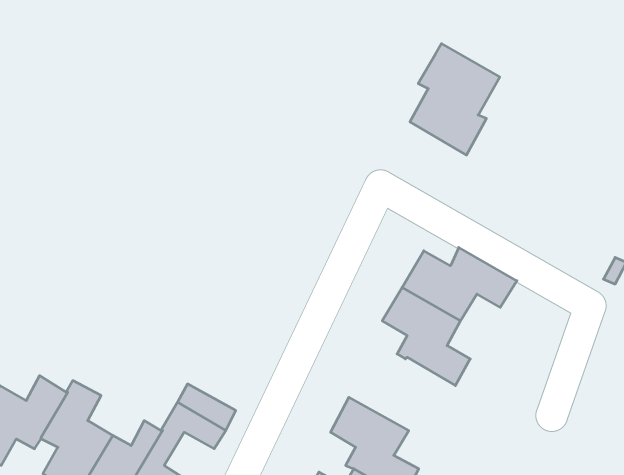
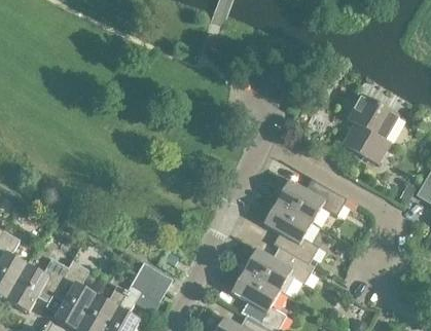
building: [410,44,500,155] -> [343,95,398,163]
building: none -> [243,246,314,293]

